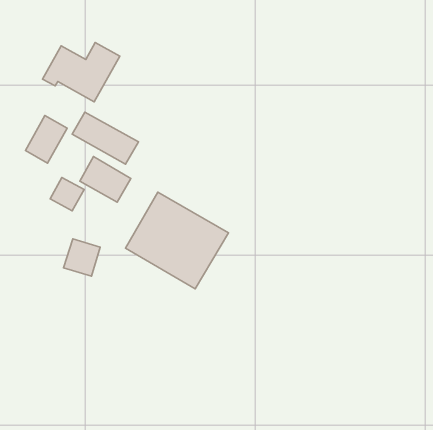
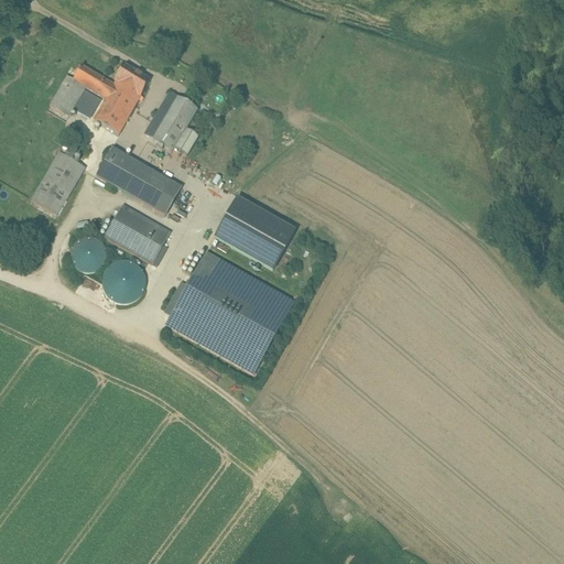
building: none -> [152,96,197,154]
building: none -> [212,195,296,270]
building: [64,239,100,276] -> [99,253,147,302]

